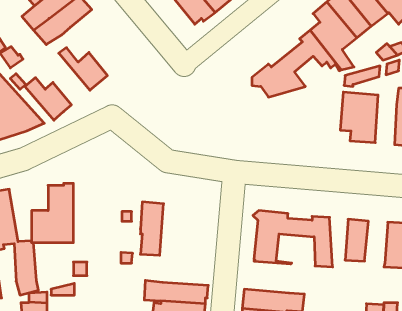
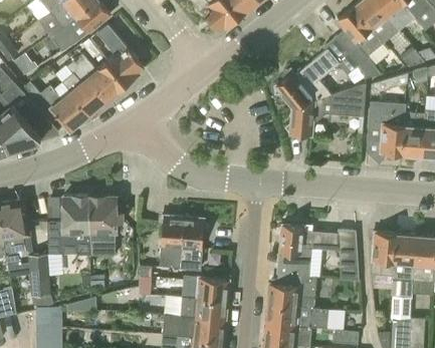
building: none -> [97,24,143,84]
building: none -> [62,61,107,114]
building: none -> [286,84,367,136]
building: none -> [403,104,425,155]
building: none -> [90,196,125,257]
building: none -> [180,217,207,271]
building: none -> [391,235,416,299]
building: none -> [183,276,232,301]
building: none -> [267,276,315,309]

